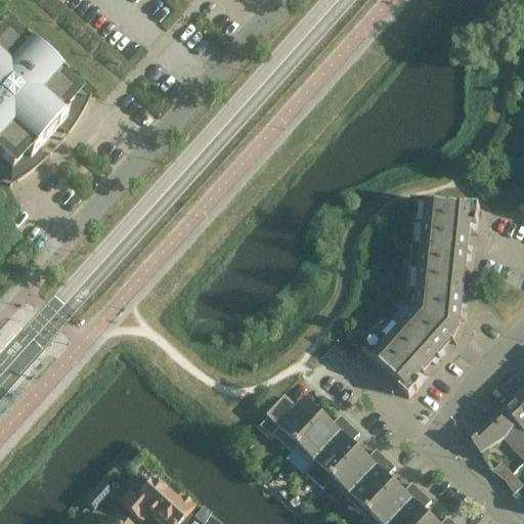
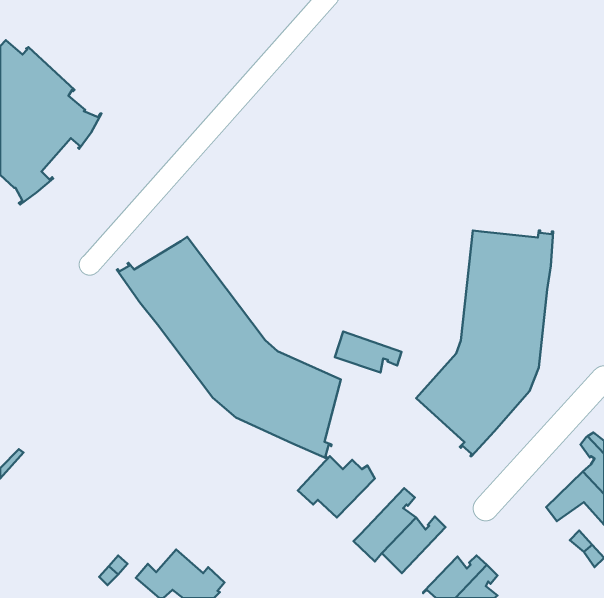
building: none -> [117,237,341,459]
building: none -> [335,331,402,372]
building: [292,413,350,463] -> none
building: [348,456,396,513] -> none

